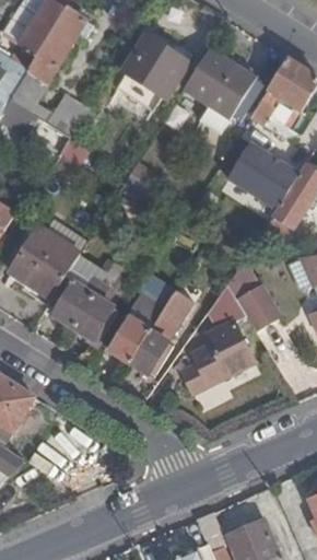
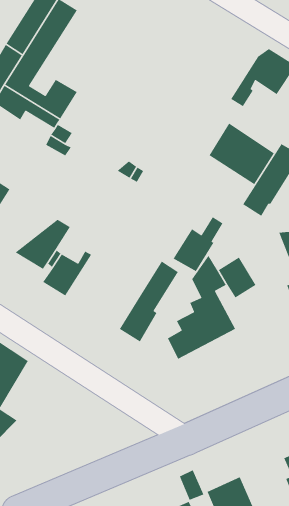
building: [121,31,191,100] -> none
building: [183,45,255,113] -> none
building: [10,226,66,279] -> none
building: [74,281,117,341] -> none
building: [106,301,161,361] -> [173,216,224,272]

